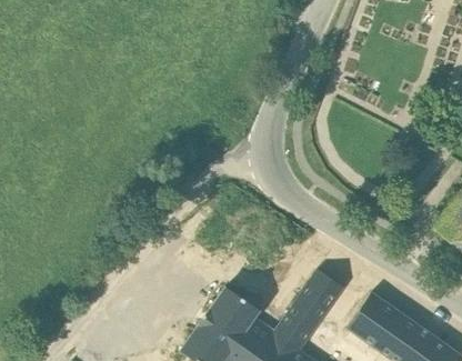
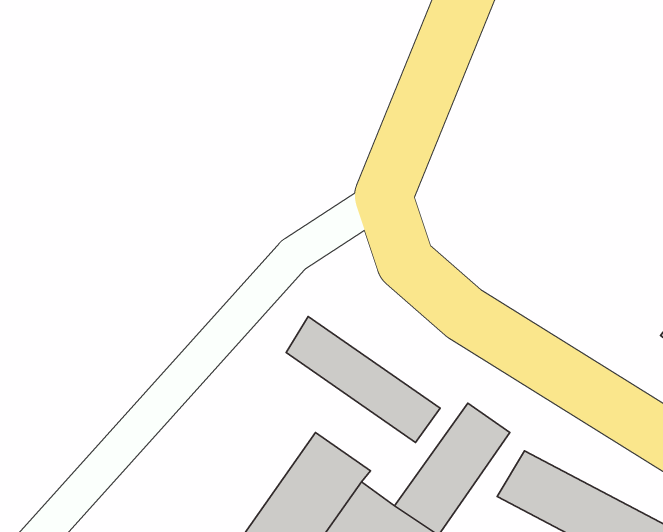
building: none -> [286,316,440,442]

